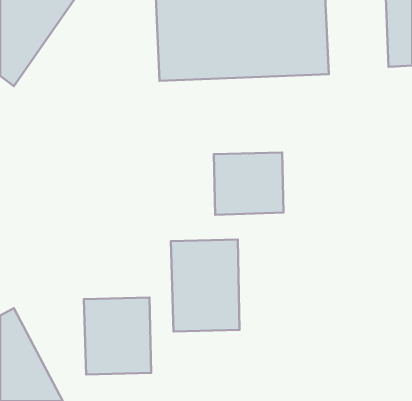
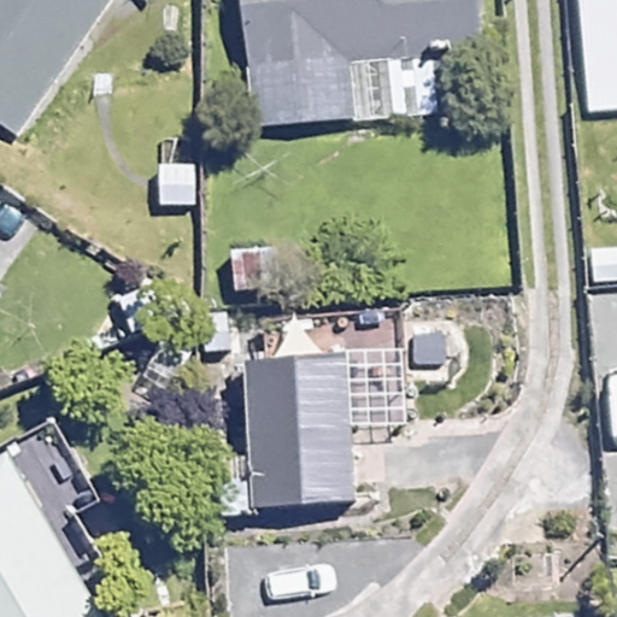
building: [214,153,284,215] -> none
building: [84,298,151,374] -> none

